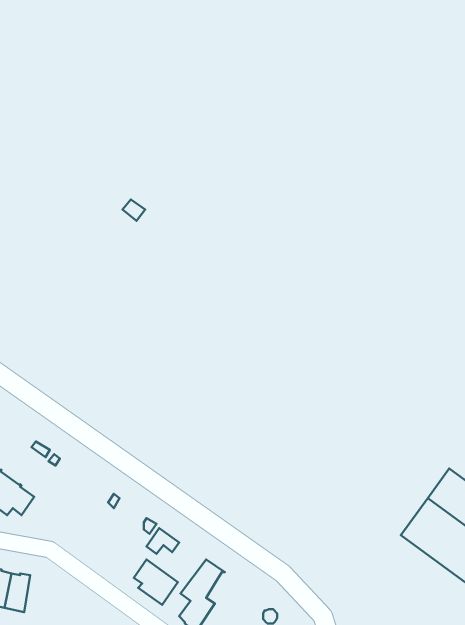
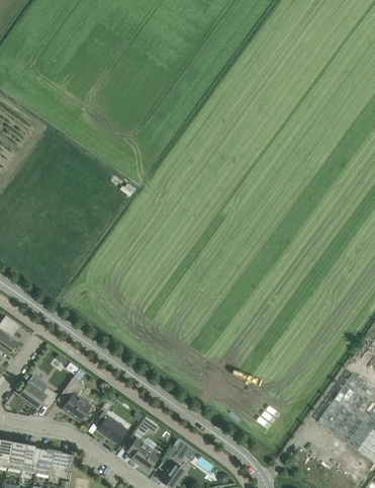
building: none -> [57,378,90,422]
building: none -> [96,411,127,444]
building: none -> [50,450,74,478]

